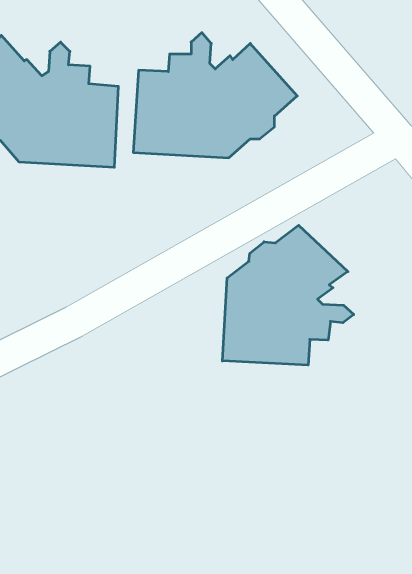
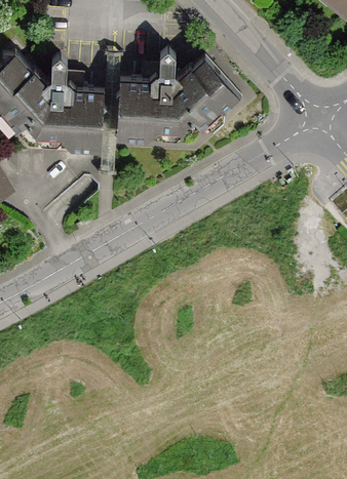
building: [222,225,354,365] -> none

